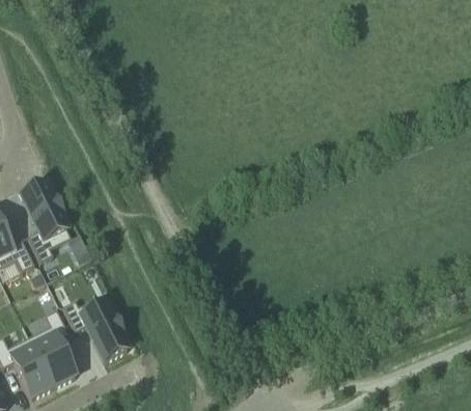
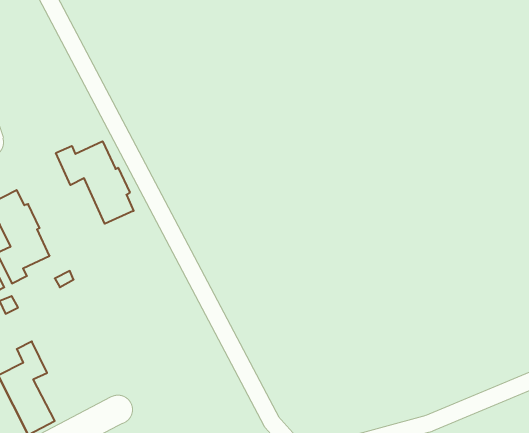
building: none -> [56,141,134,224]
building: [61,294,127,359] -> none

